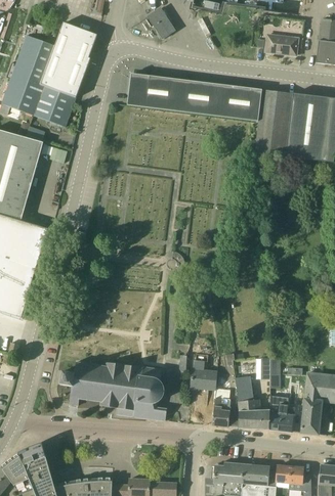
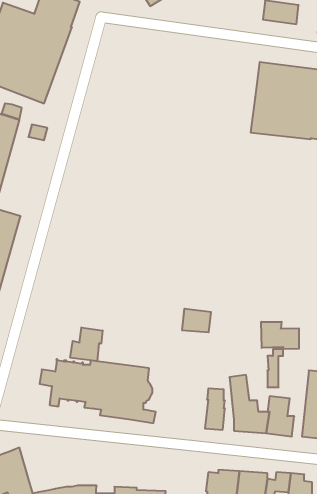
building: [127,74,262,121] -> none
building: none -> [261,322,299,349]
building: none -> [70,327,103,361]
building: [191,367,217,389] -> [182,309,211,332]

